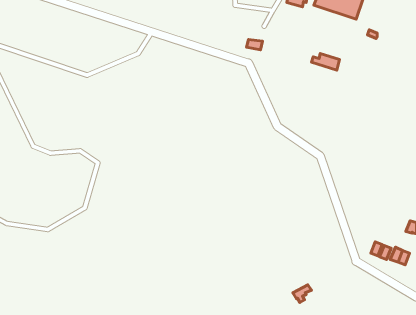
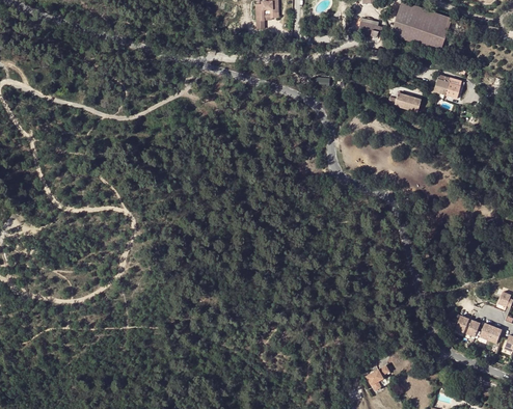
building: none -> [433,74,463,99]

